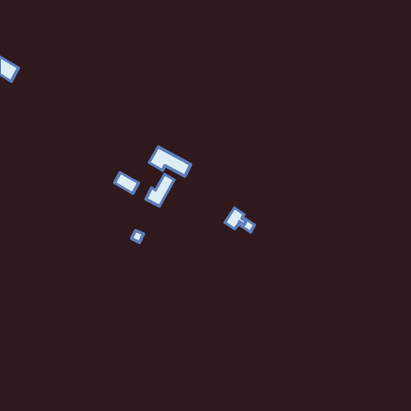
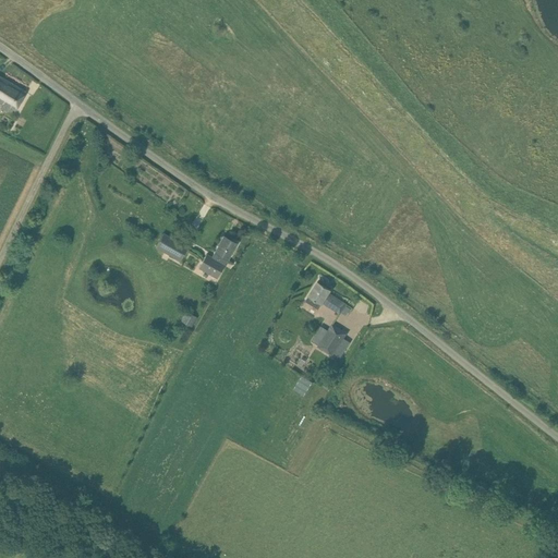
building: [149,147,191,176] -> none
building: none -> [317,326,345,356]

